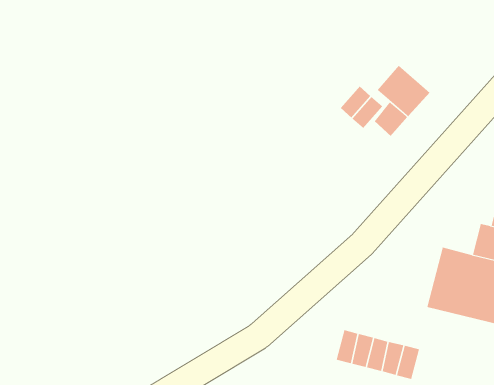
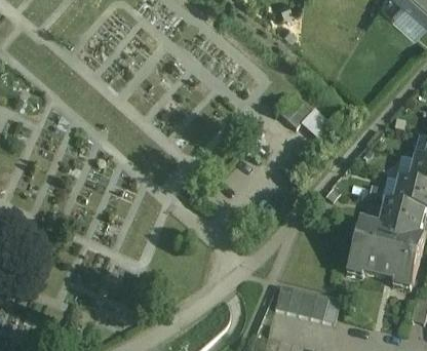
building: [377,65,431,118] -> none

